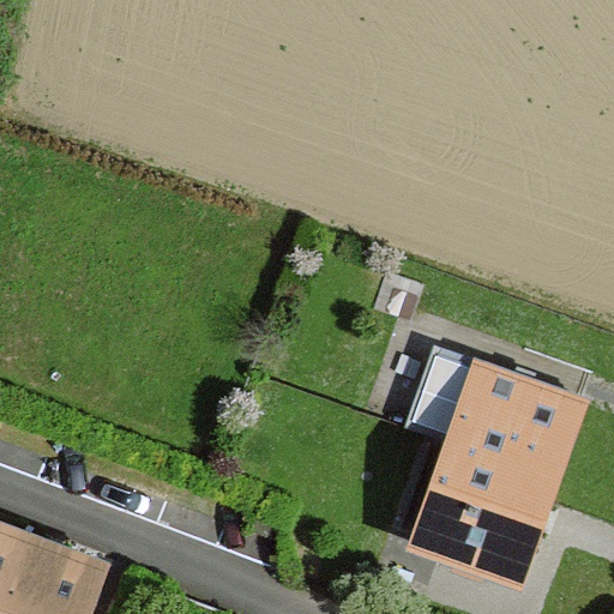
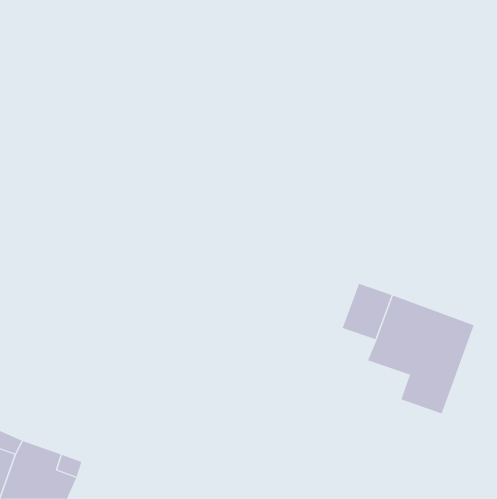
building: [415,443,543,577] -> none

